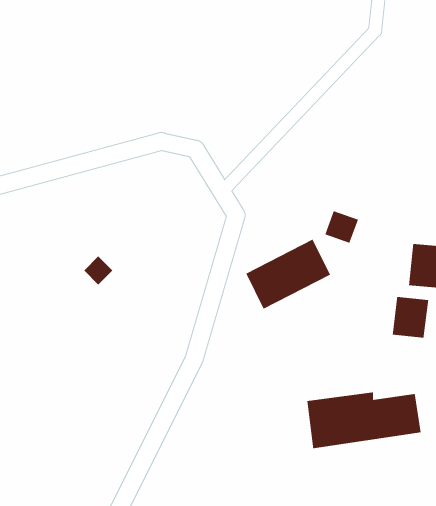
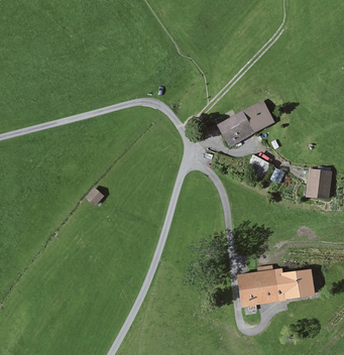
building: [245,239,331,309] -> [217,99,274,146]
building: [392,296,429,339] -> none

